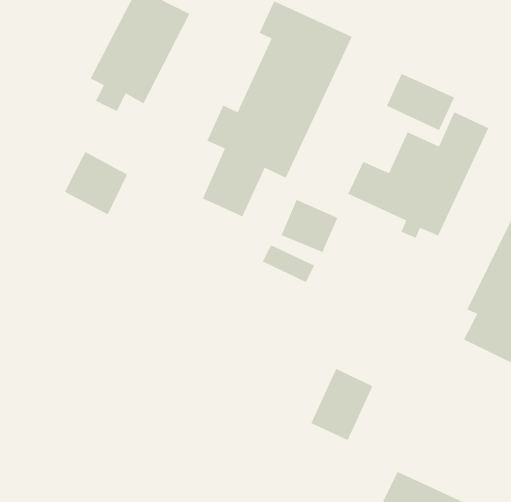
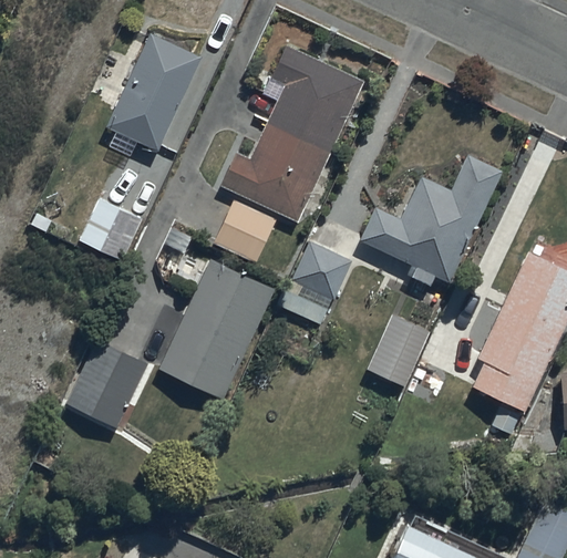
building: [386,73,455,131] -> none
building: none -> [159,260,275,399]
building: none -> [65,340,148,427]
building: [310,368,374,441] -> [368,314,431,388]

